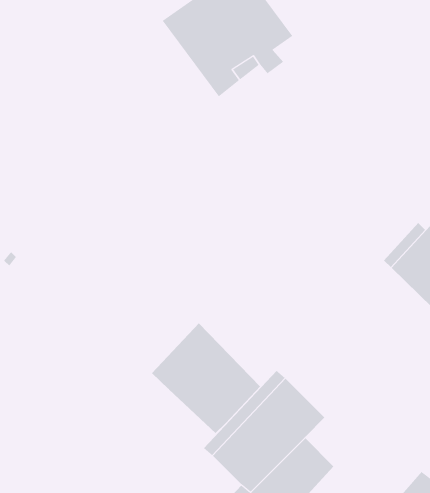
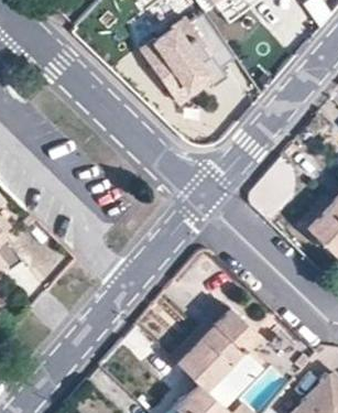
building: [151,323,261,434] -> none

